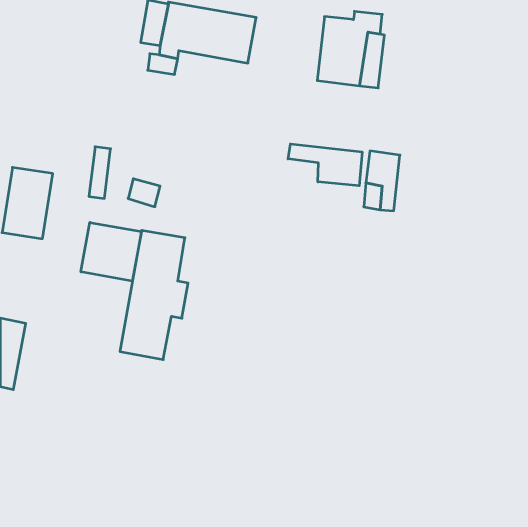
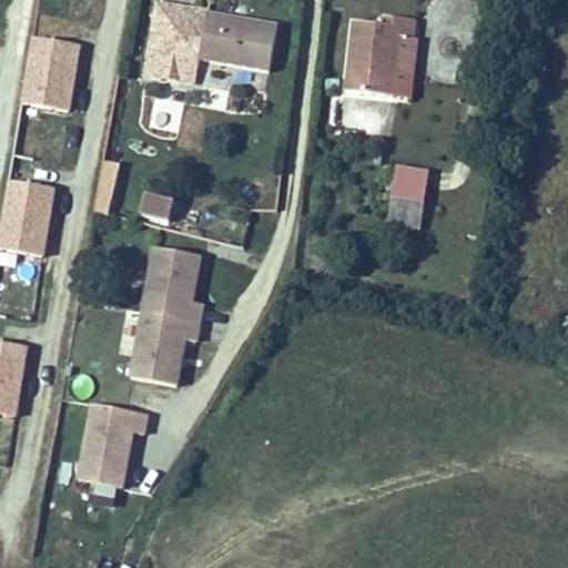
building: none -> [26,38,82,112]
building: [288,144,362,186] -> none
building: [81,222,141,281] -> none
building: none -> [77,404,145,488]

